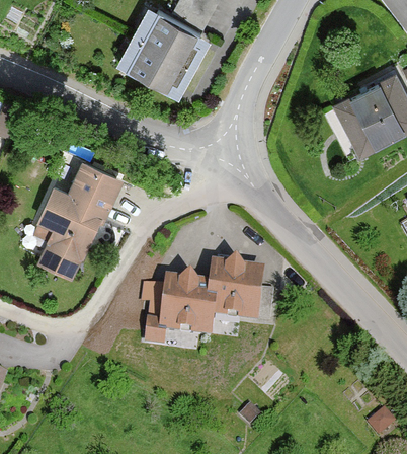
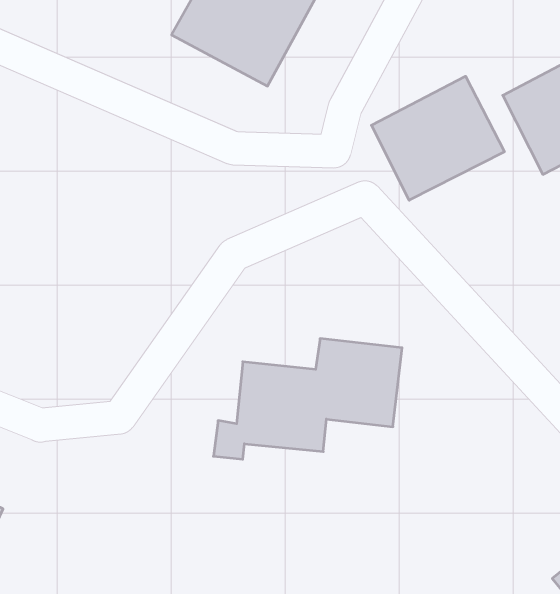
building: none -> [371,76,504,200]
building: [32,160,121,279] -> none

